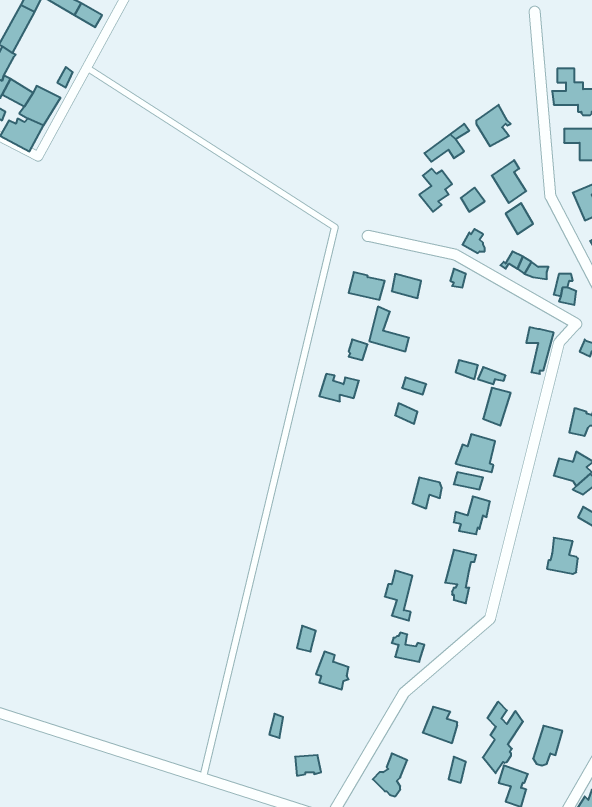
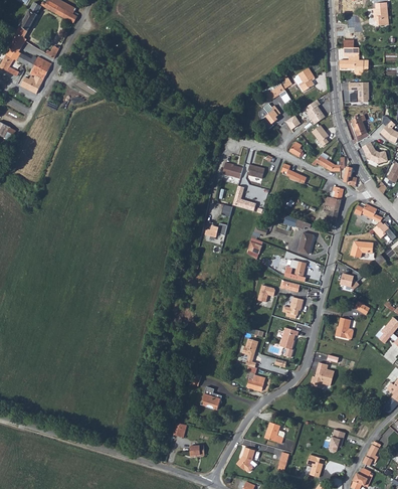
building: none -> [309,360,333,386]
building: [483,702,523,773] -> none

